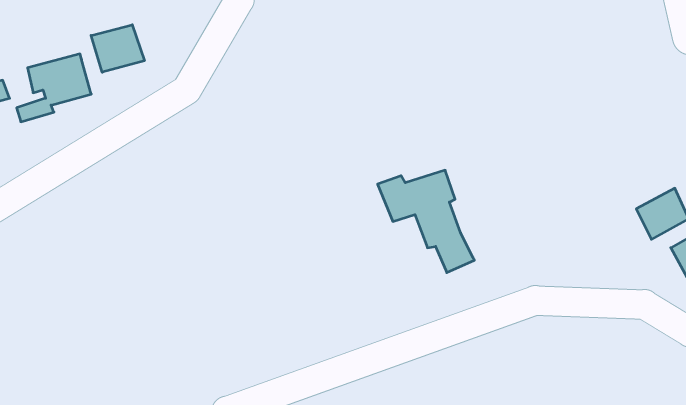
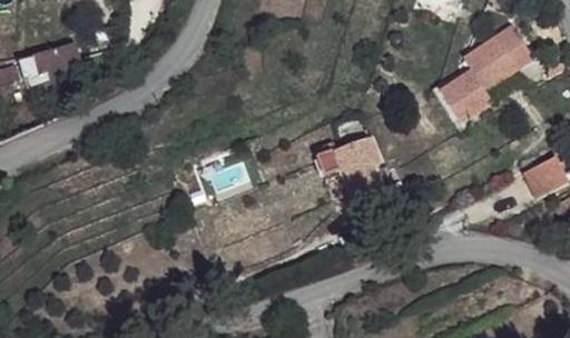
building: [91,25,144,72] -> none
building: none -> [440,22,529,119]

